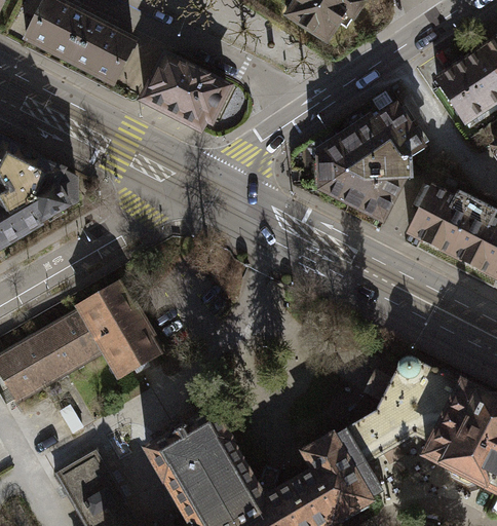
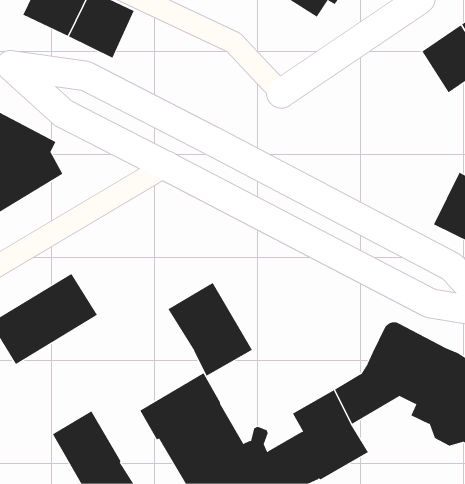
building: [144,58,226,127] -> none
building: [318,106,423,221] -> none
building: [407,187,476,257] -> none
building: [76,279,164,377] -> [168,282,253,377]

